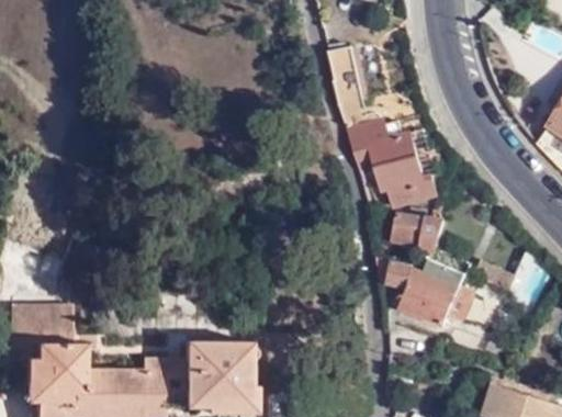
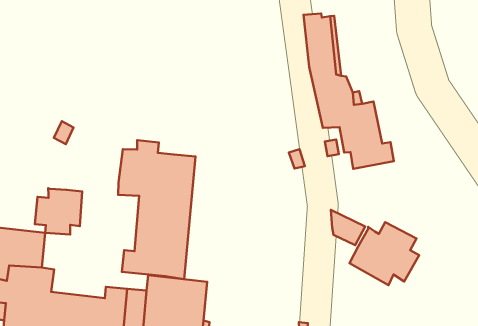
building: none -> [118,140,195,279]
building: [391,213,446,250] -> none
building: none -> [35,188,82,235]

